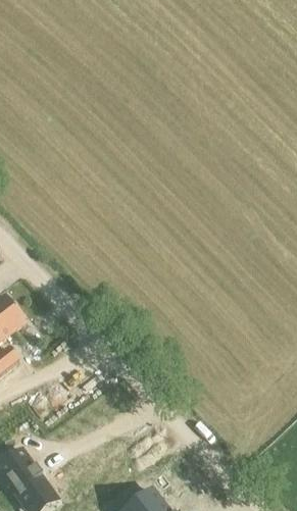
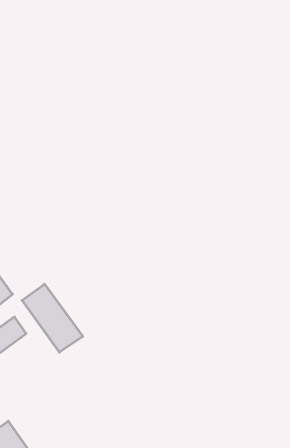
building: none -> [22,284,83,352]

